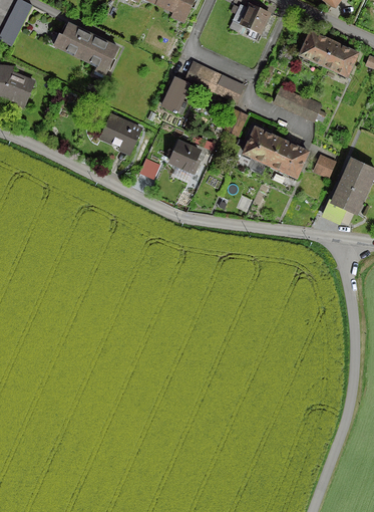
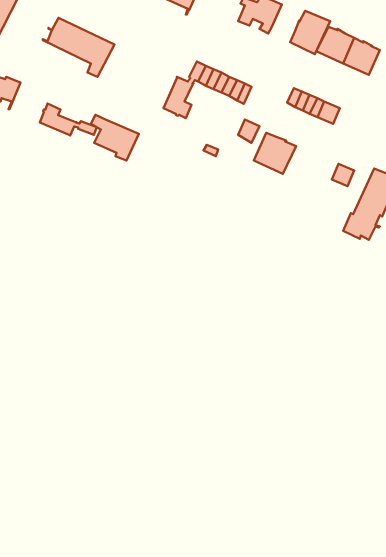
building: none -> [290,11,330,54]
building: none -> [40,104,97,136]
building: [270,139,308,176] -> none
building: [169,141,200,171] -> none

